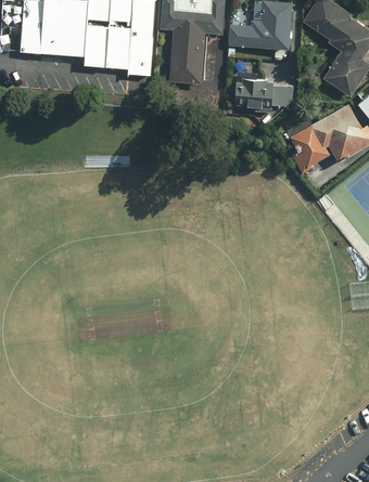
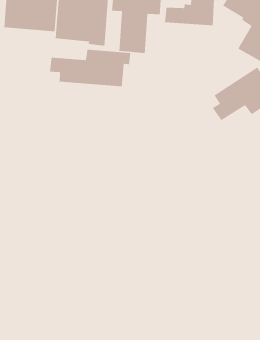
building: [236,65,290,107] -> none
building: none -> [49,49,131,87]

